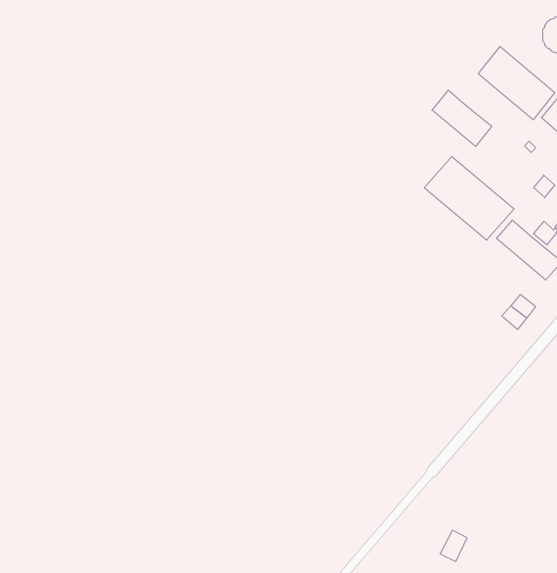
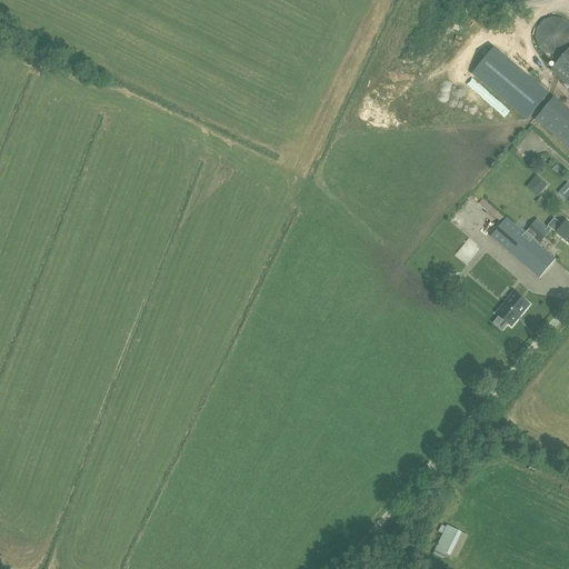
building: [432,90,492,146] -> none
building: [424,157,514,240] -> none

